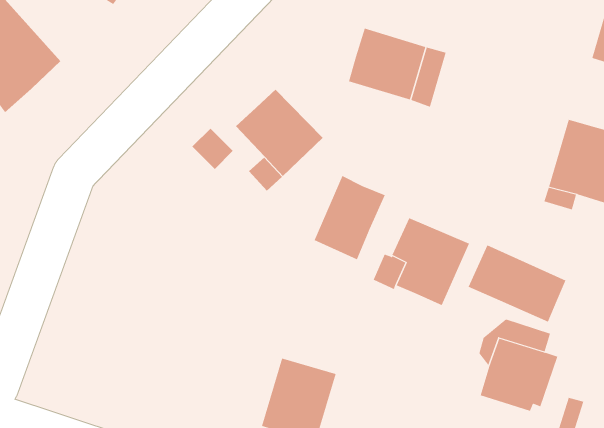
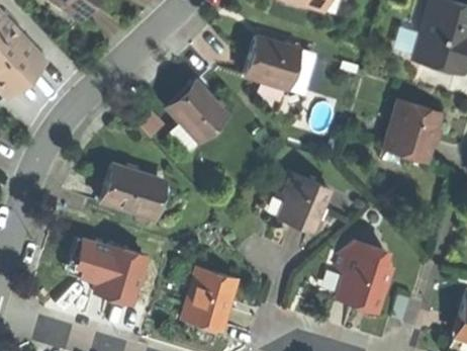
building: [314,175,386,260] -> none
building: none -> [102,166,161,217]
building: [468,245,566,323] -> none
building: none -> [72,238,144,300]

